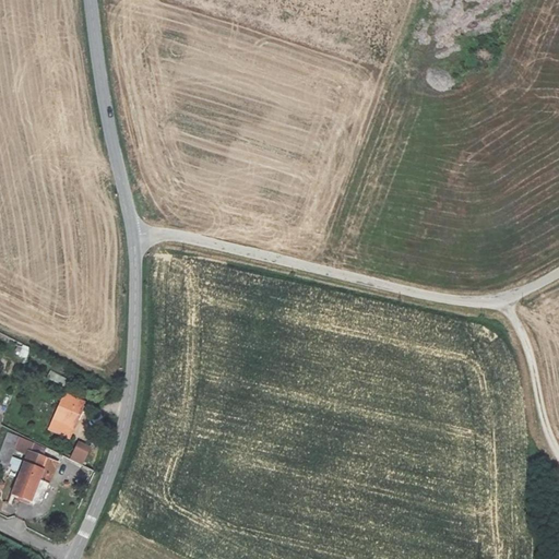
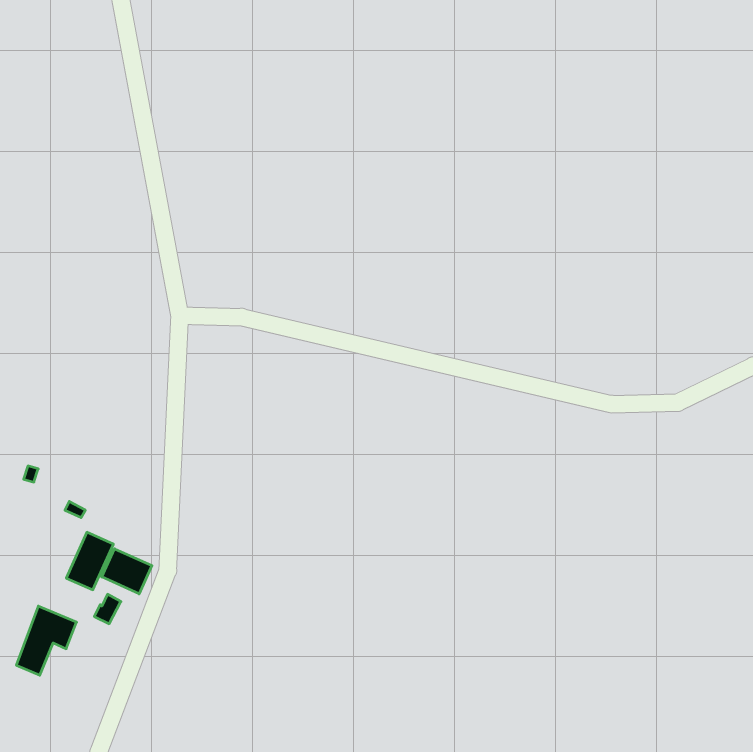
building: none -> [102,549,152,594]

